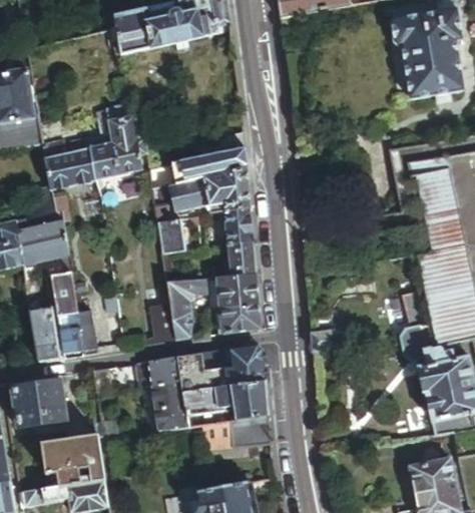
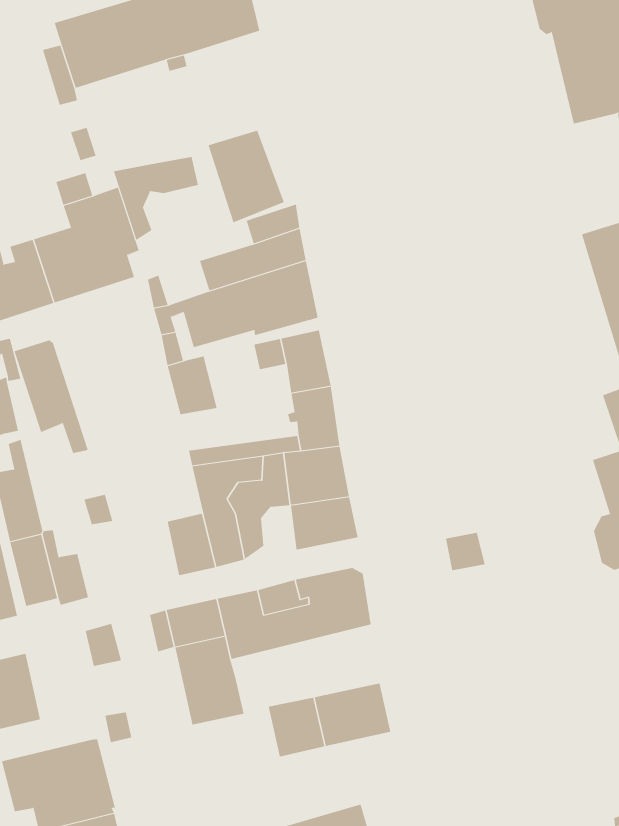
building: none -> [208,130,285,223]
building: none -> [113,156,199,241]
building: none -> [14,339,88,454]
building: [181,381,267,419] -> none

